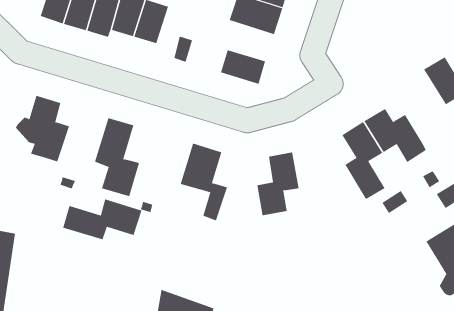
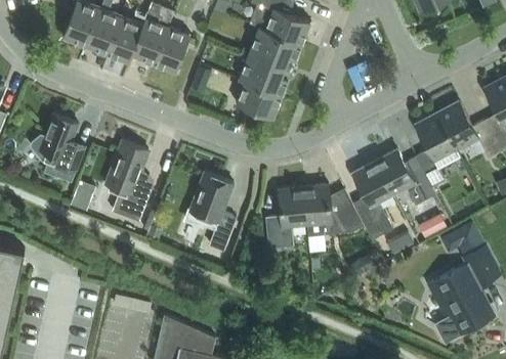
building: none -> [239,53,293,96]
building: none -> [416,115,460,187]
building: none -> [303,185,364,236]
building: [62,199,142,240] -> none

